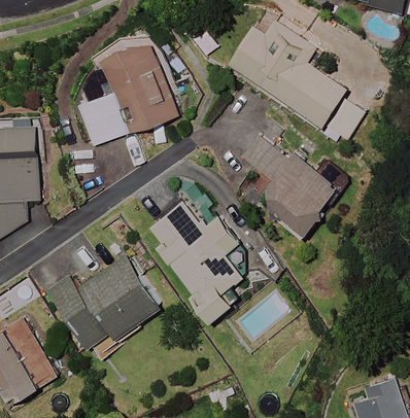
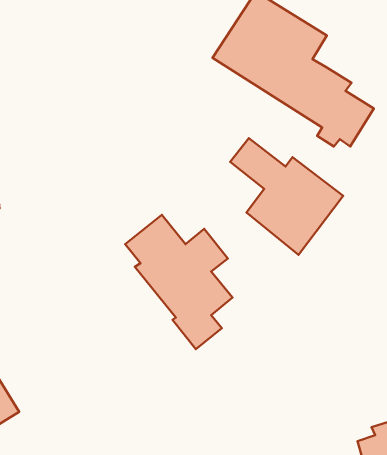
building: [79,39,178,146] -> none
building: [49,252,163,357] -> none

